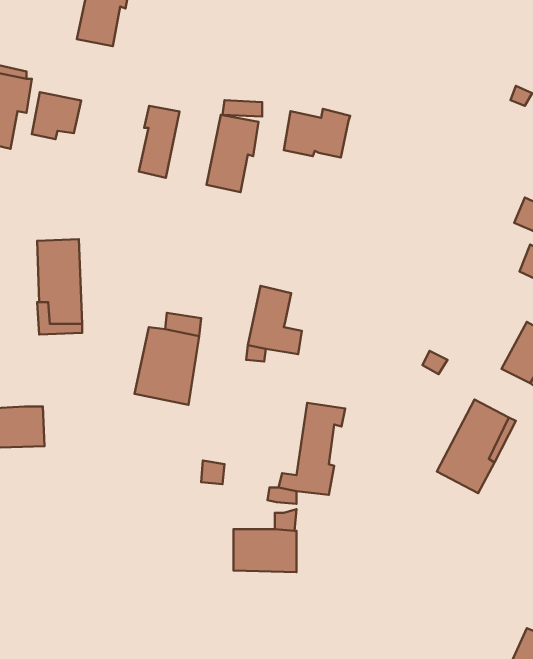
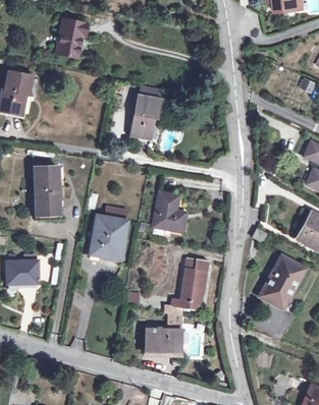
building: [32,92,81,139] -> none
building: [139,106,179,178] -> none
building: [284,109,350,157] -> none

